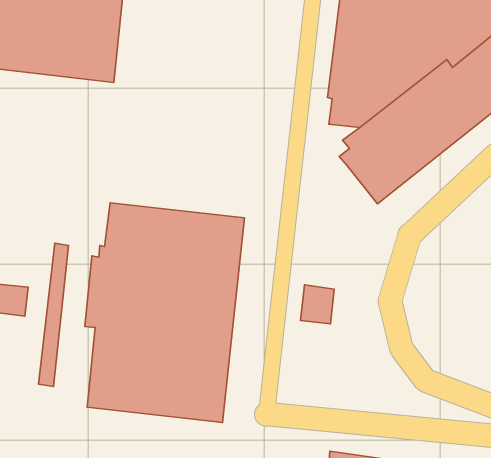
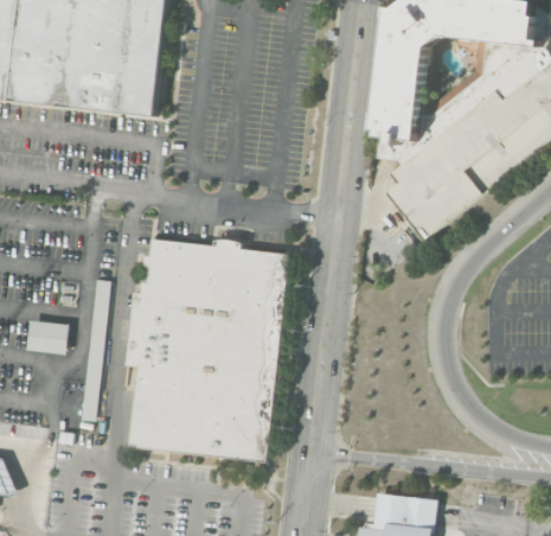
building: [301,285,334,324] -> none

